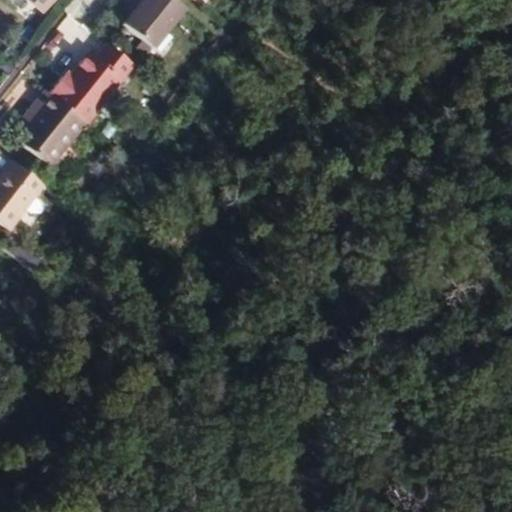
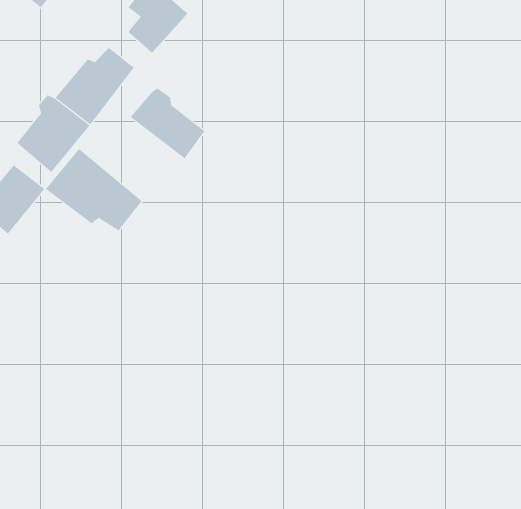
building: none -> [130,88,205,159]
building: none -> [45,148,143,231]

